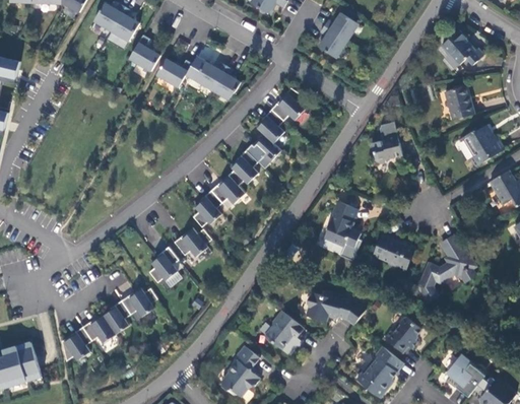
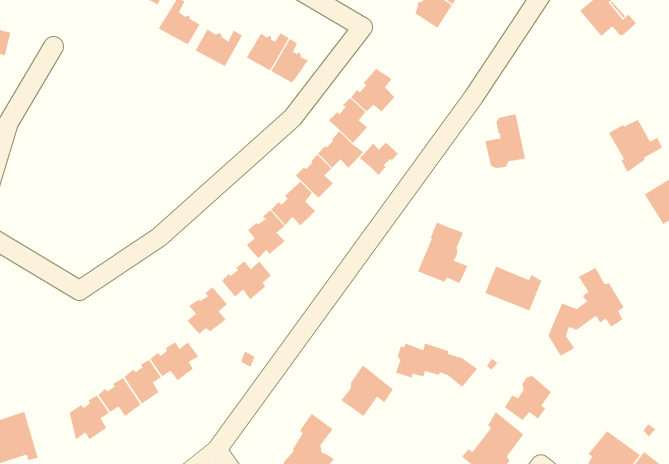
building: [445,87,472,118] -> none
building: none -> [359,142,399,176]

